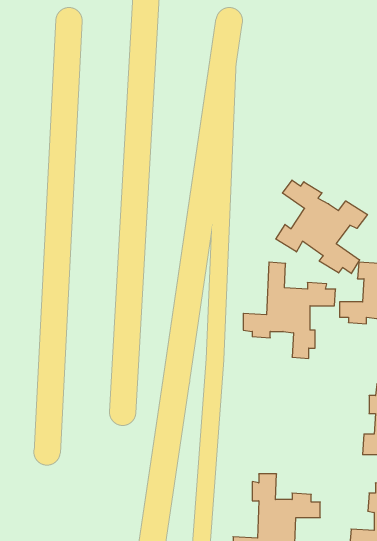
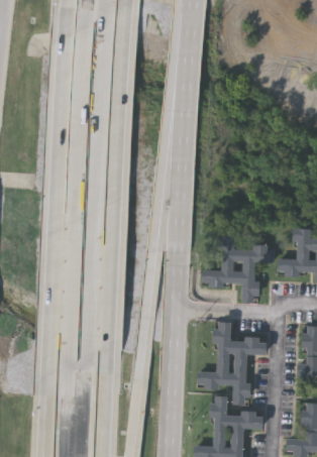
building: [276,180,367,274] -> none
building: none -> [198,320,269,405]

